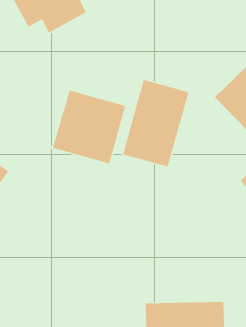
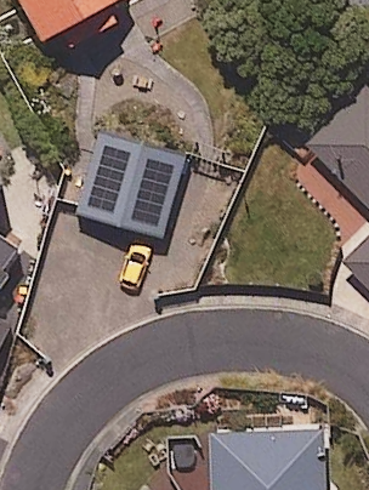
building: [122,79,190,167] -> none

